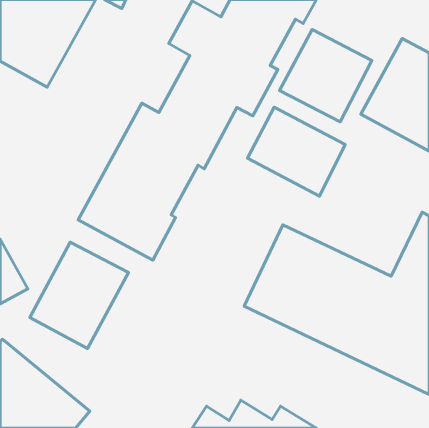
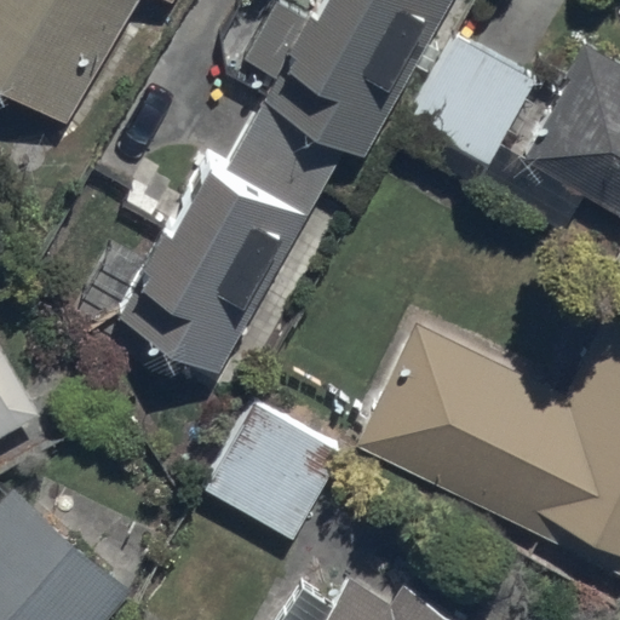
building: [247,107,345,196] -> none
building: [30,242,129,348] -> none
building: none -> [191,396,343,544]

